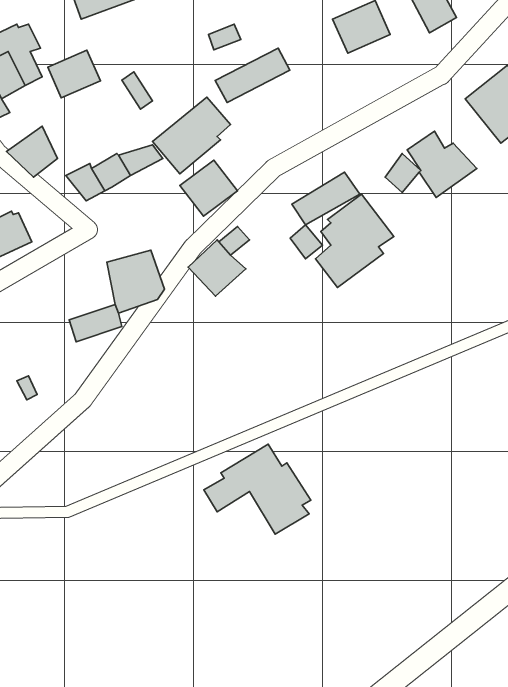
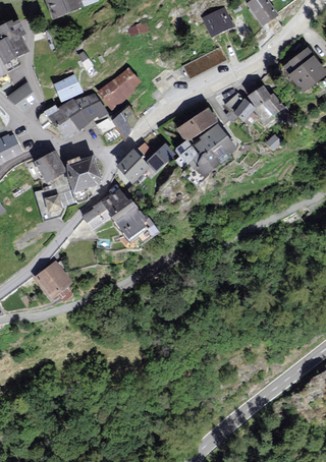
building: [215,48,290,103] -> [181,46,226,78]
building: [48,50,100,98] -> [52,73,84,102]
building: none -> [69,101,108,130]
building: none -> [146,141,176,171]
building: none -> [33,150,66,183]
building: none -> [34,261,73,300]
building: [204,444,311,534] -> [83,188,147,242]

